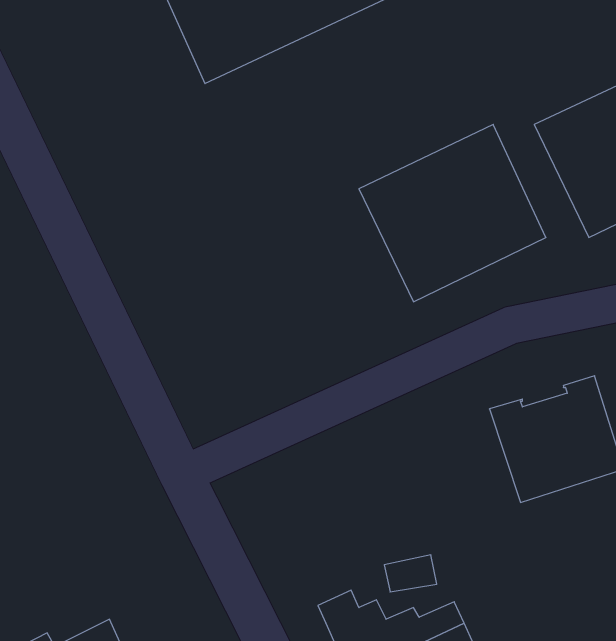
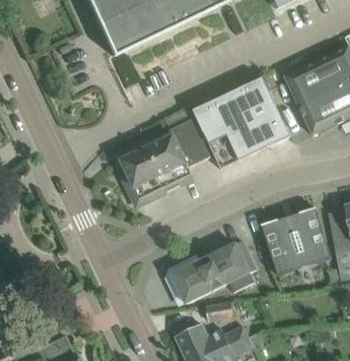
building: none -> [114,119,210,203]
building: none -> [171,240,257,303]

